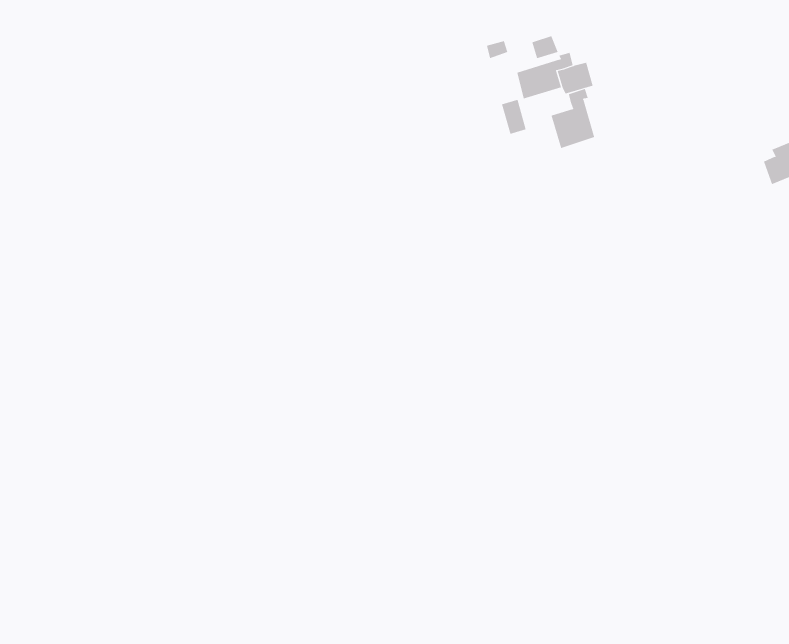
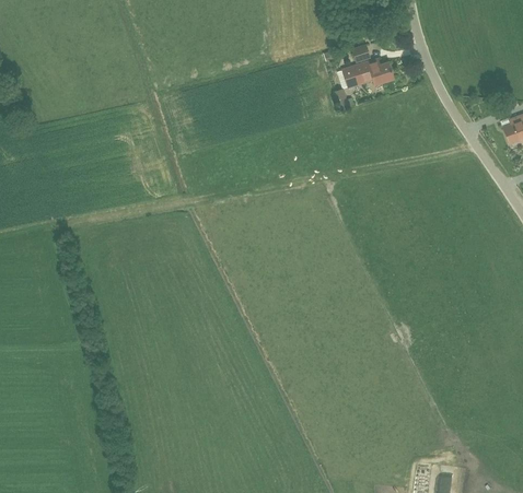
building: [551,88,595,149] -> none

